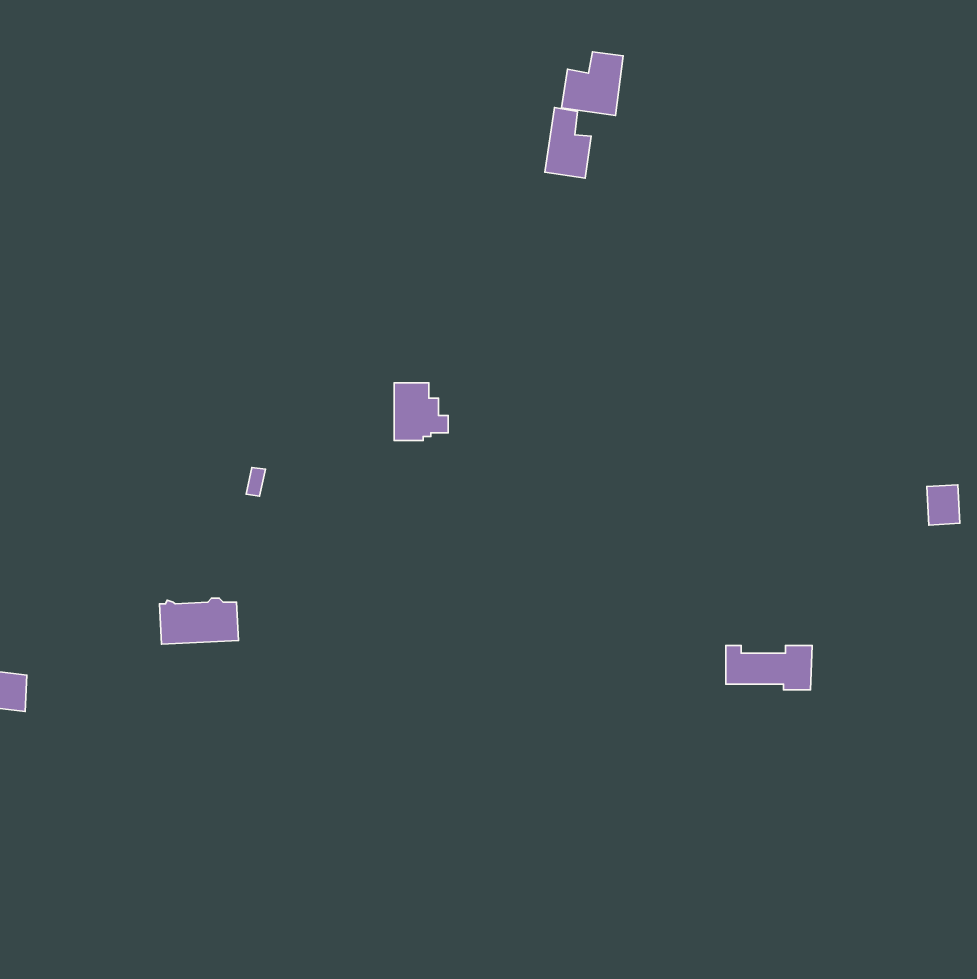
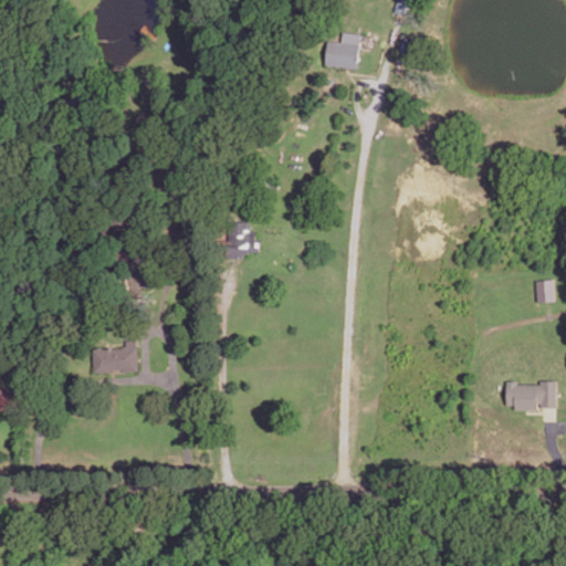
building: [545,108,591,178] -> none
building: [726,646,812,690] -> [506,381,556,407]

